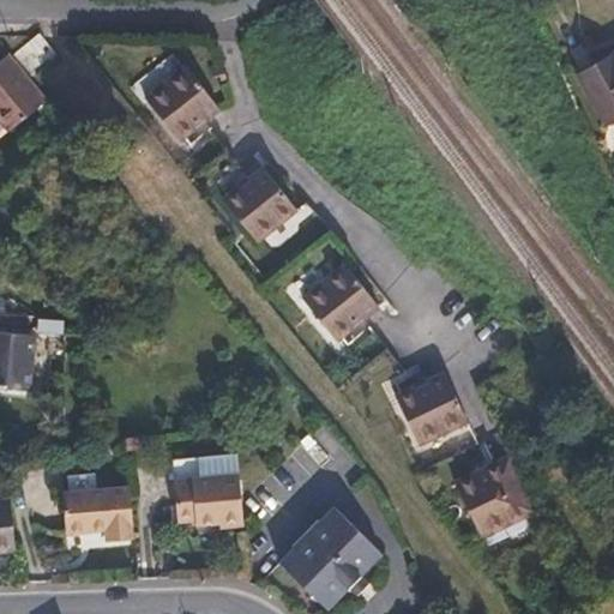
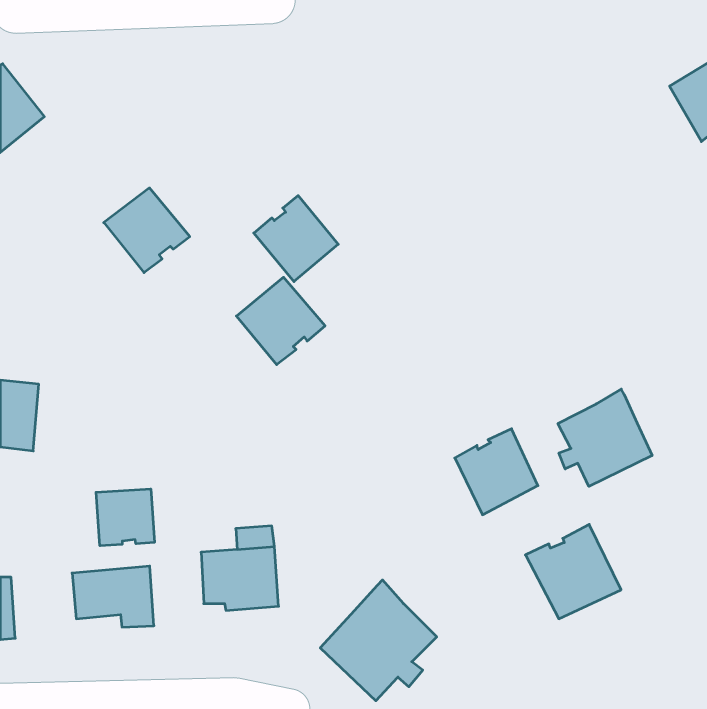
building: [143,70,217,143] -> [104,188,190,273]
building: [301,265,378,341] -> [236,277,325,365]
building: none -> [558,389,652,486]
building: none -> [96,489,154,546]

